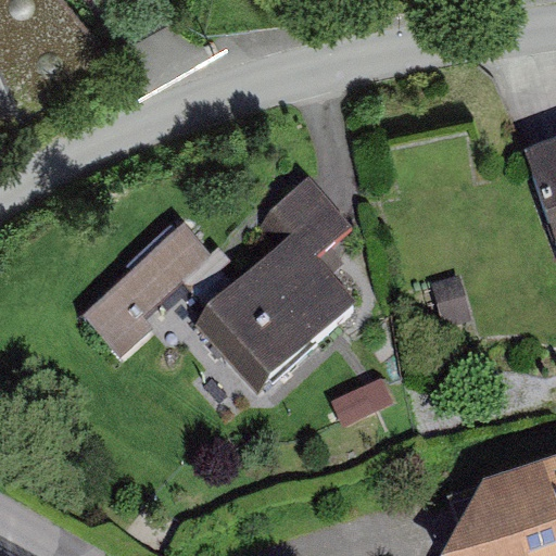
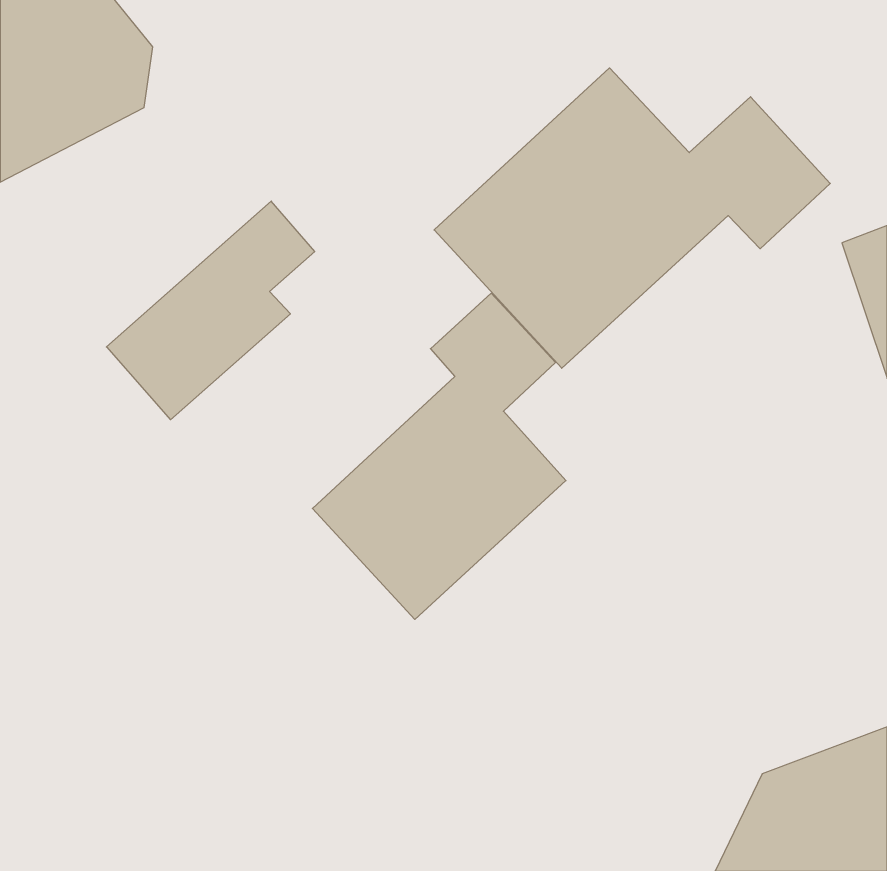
building: none -> [434,68,830,368]
building: [78,222,208,358] -> [106,201,315,420]

